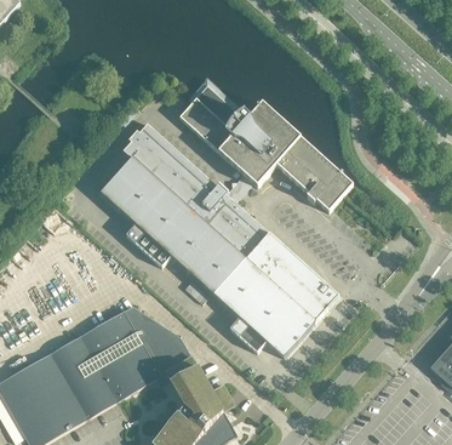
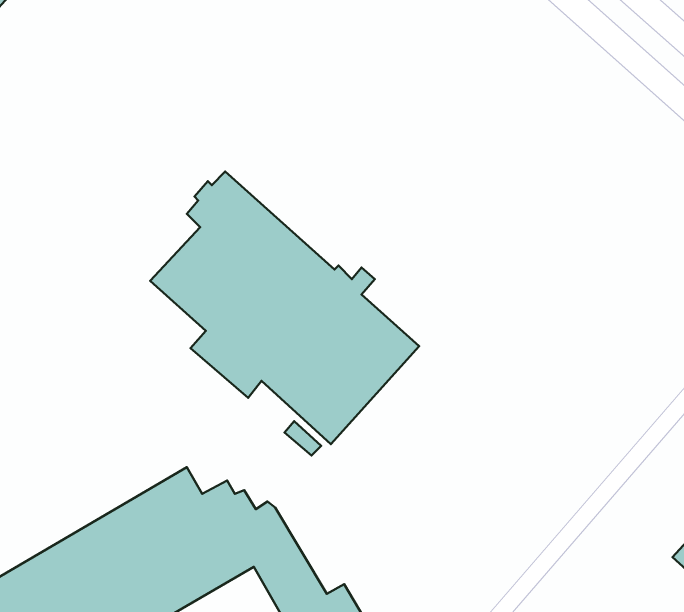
building: [179,79,354,212] -> none
building: [214,234,339,358] -> none

